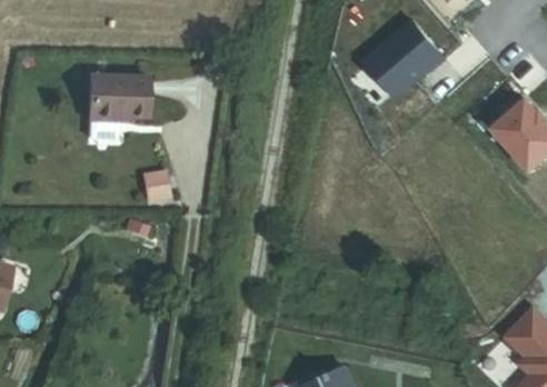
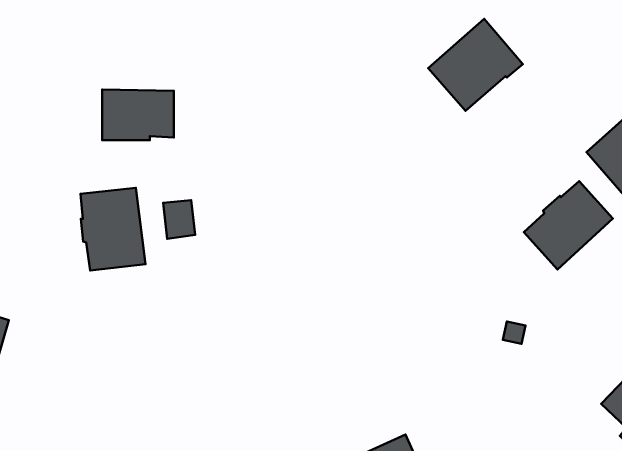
building: none -> [524,181,613,270]
building: none -> [80,188,145,270]

